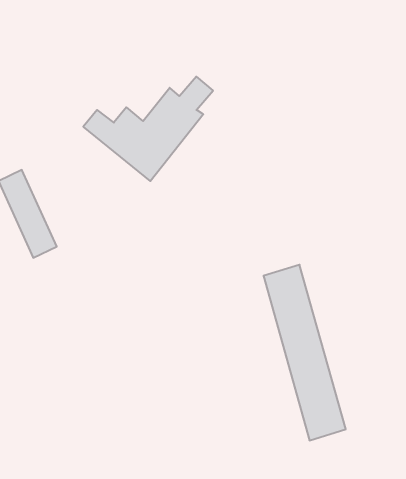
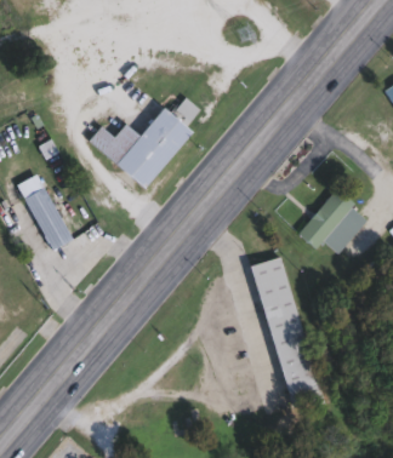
building: none -> [298,191,369,254]

